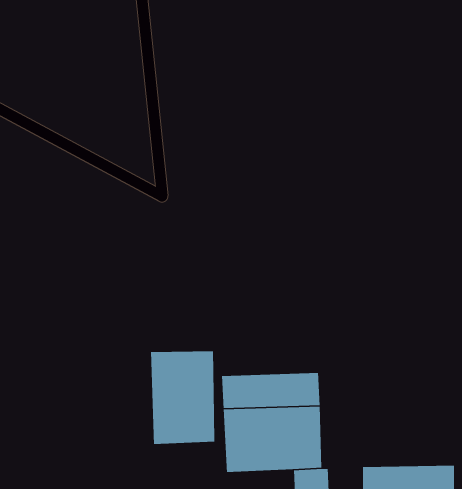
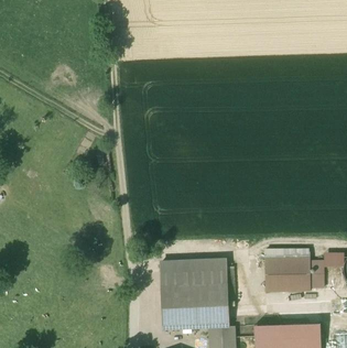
building: [150,351,215,445] -> none
building: none -> [265,258,310,291]

